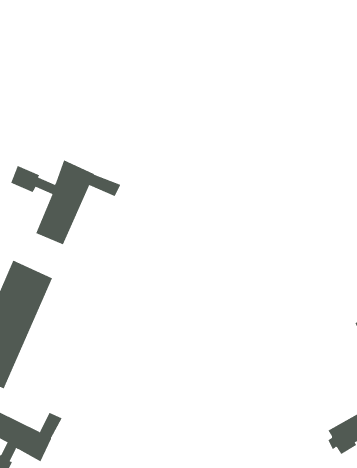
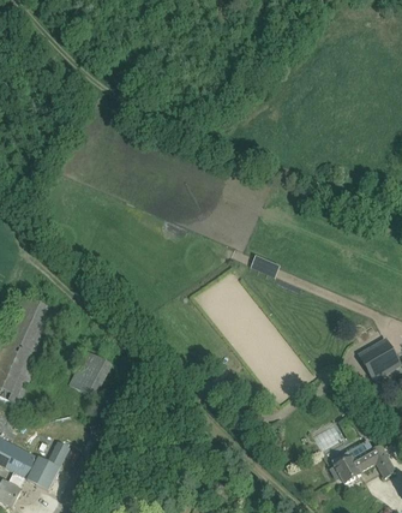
building: [10,160,121,245] -> none
building: none -> [71,352,112,398]

